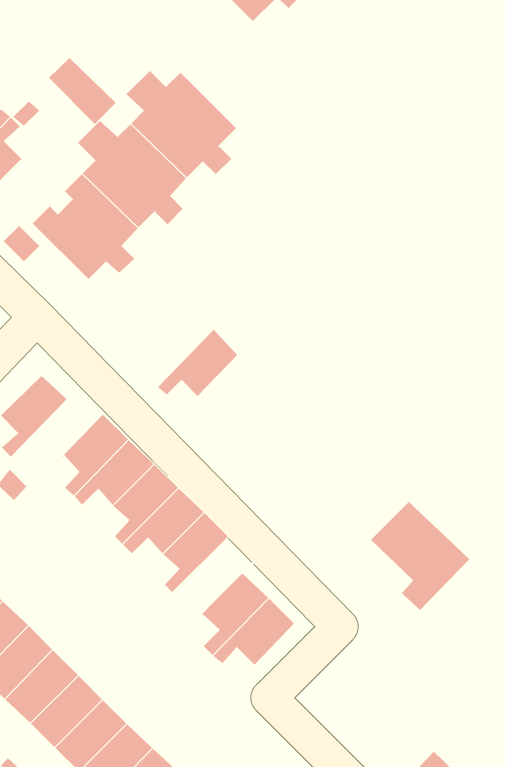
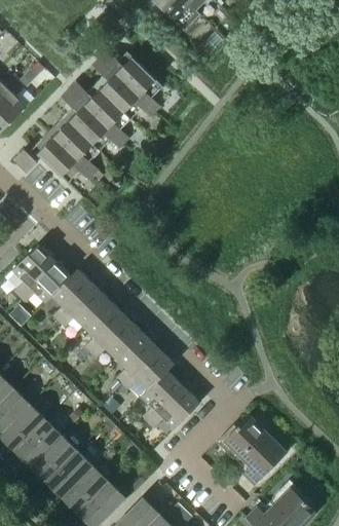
building: [48,57,116,125] -> none
building: [157,329,249,397] -> [18,260,77,303]
building: [370,501,470,611] -> [223,415,287,485]
building: none -> [121,347,174,389]

